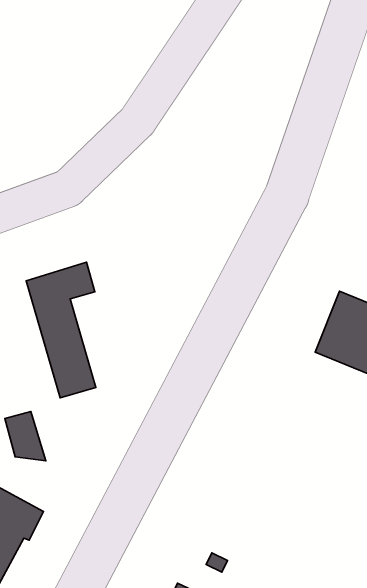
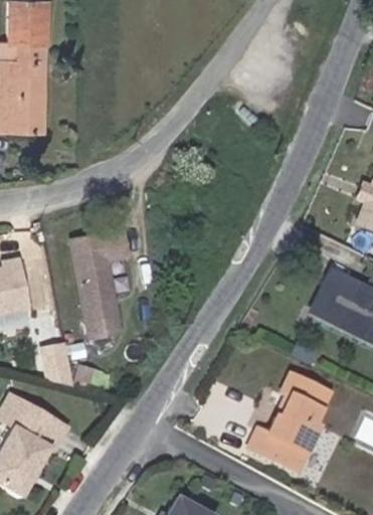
building: none -> [248,375,328,470]

